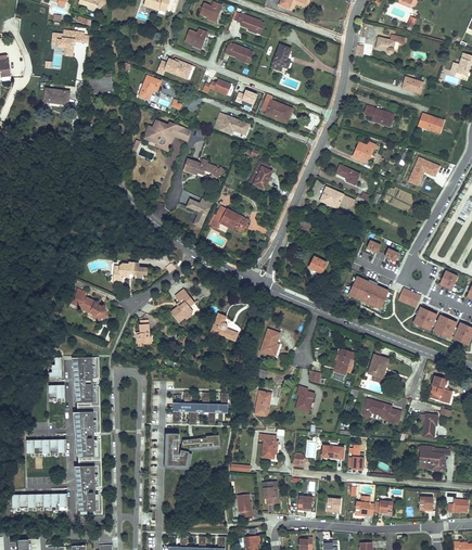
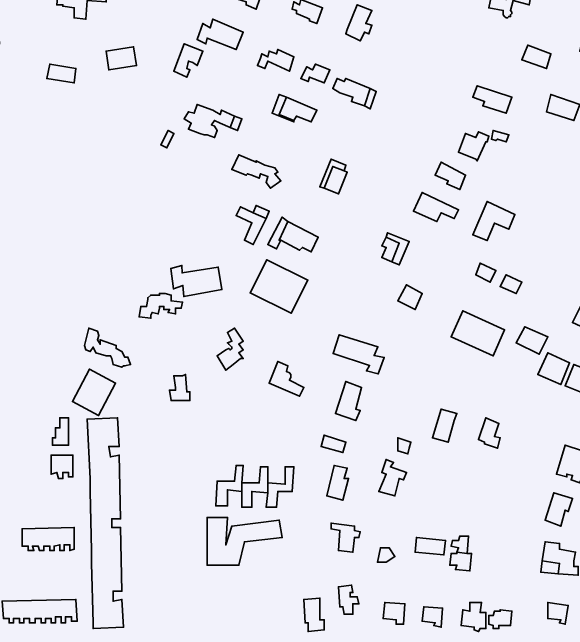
building: [408,156,439,186] -> [473,202,515,241]
building: none -> [250,260,308,313]
building: none -> [171,266,222,297]
building: none -> [333,335,384,374]
building: none -> [72,369,116,415]
building: [362,399,398,421] -> none

